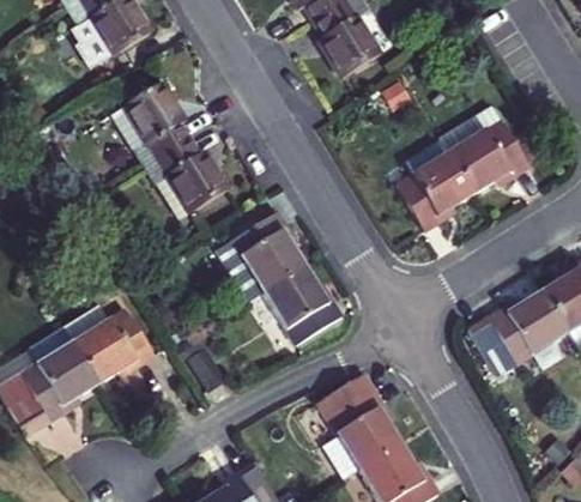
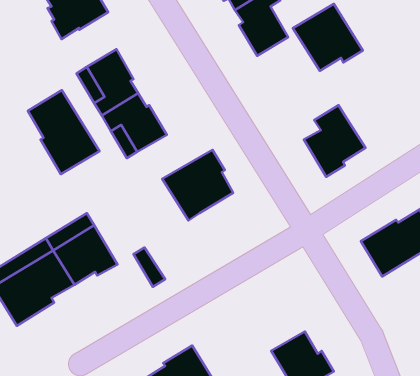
building: [444,120,534,206] -> [293,4,363,71]
building: none -> [28,90,99,174]
building: [266,264,346,345] -> none
building: [319,371,401,477] -> none

